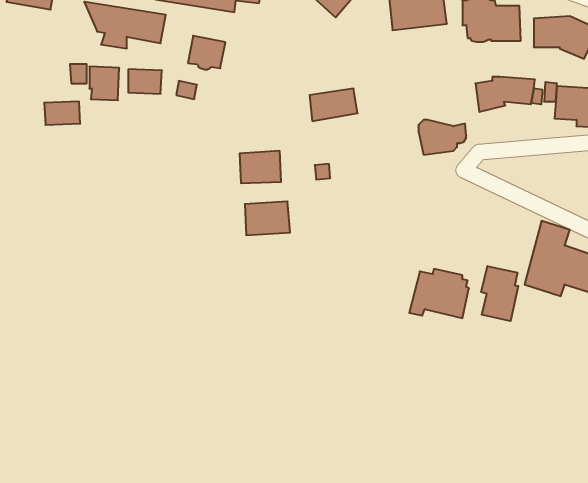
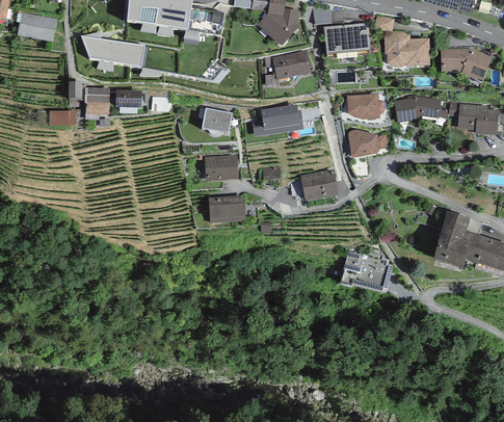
building: none -> [272,49,311,78]
building: [188,36,225,69] -> [202,107,232,134]
building: none -> [346,93,384,120]
building: none -> [300,167,338,201]
building: [481,266,518,321] -> none

